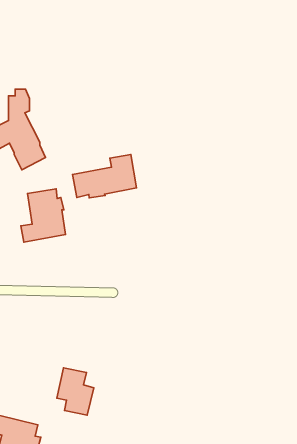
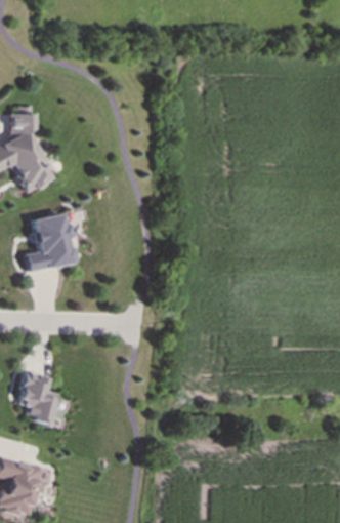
building: [72,154,136,198] -> none
building: [57,368,94,415] -> [16,371,56,423]

